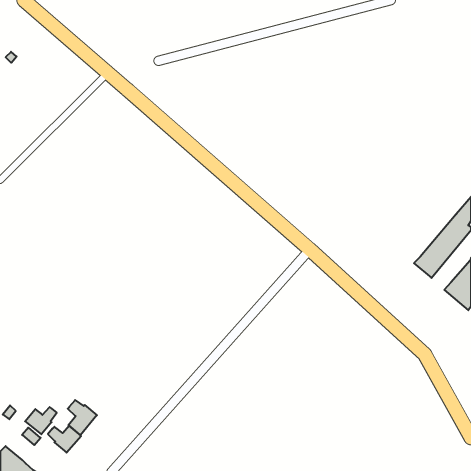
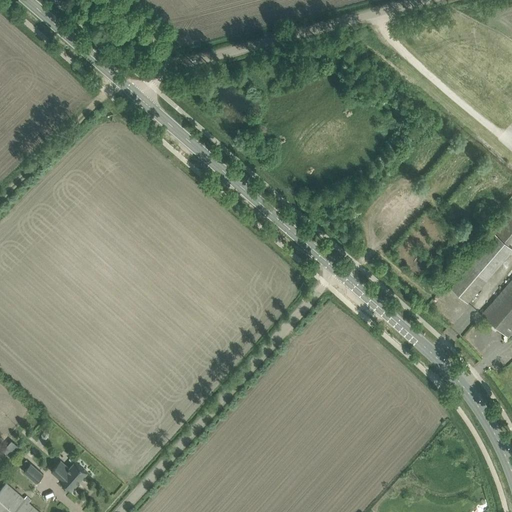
building: [68,400,97,435] -> none
building: [25,407,57,434] -> none

